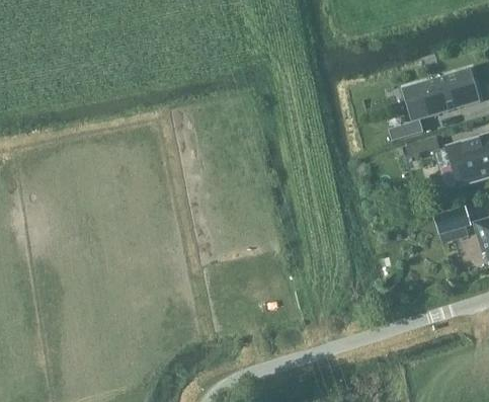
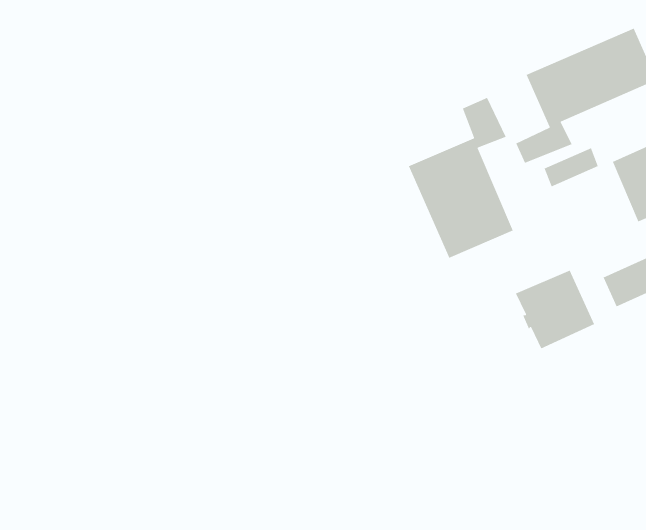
building: none -> [408,97,514,259]
building: none -> [515,269,595,349]

